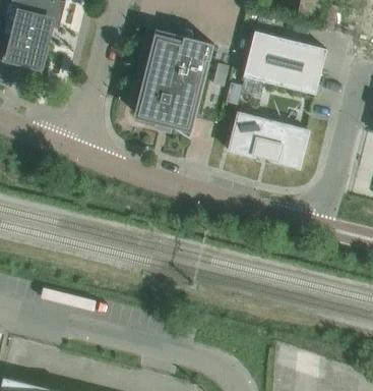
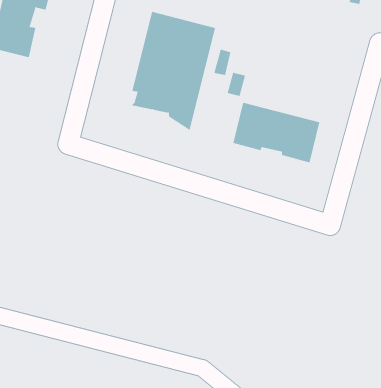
building: [243,31,326,94] -> none

